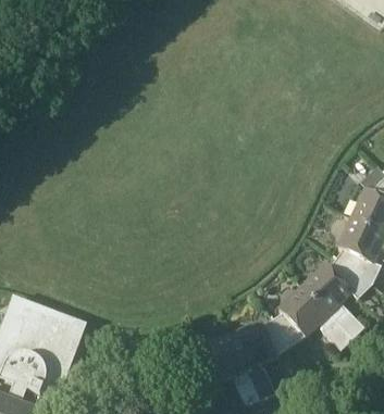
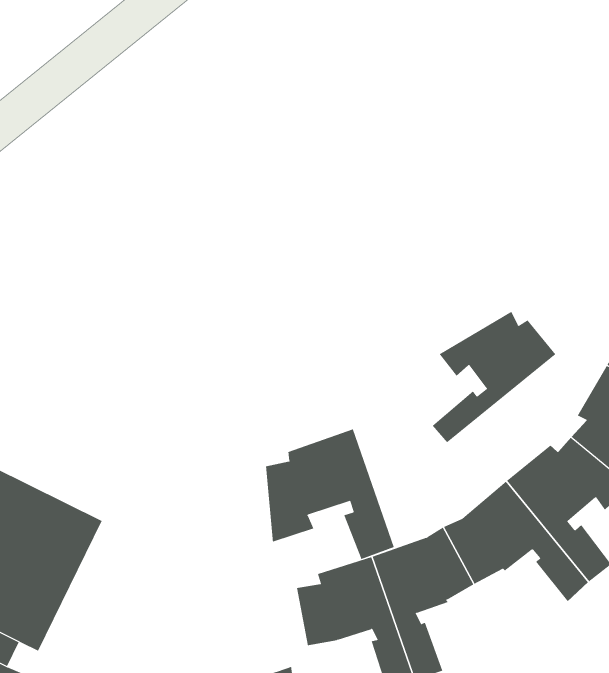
building: none -> [432,311,556,443]
building: none -> [266,428,395,560]

